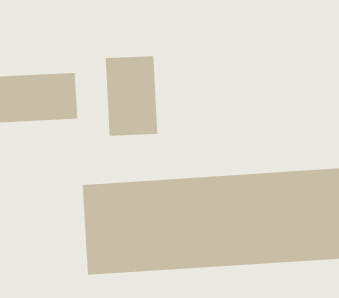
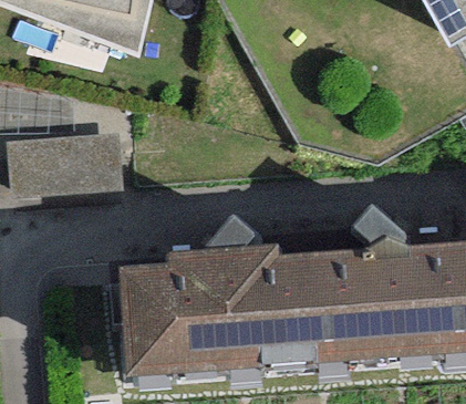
building: [105,55,158,136] -> none

